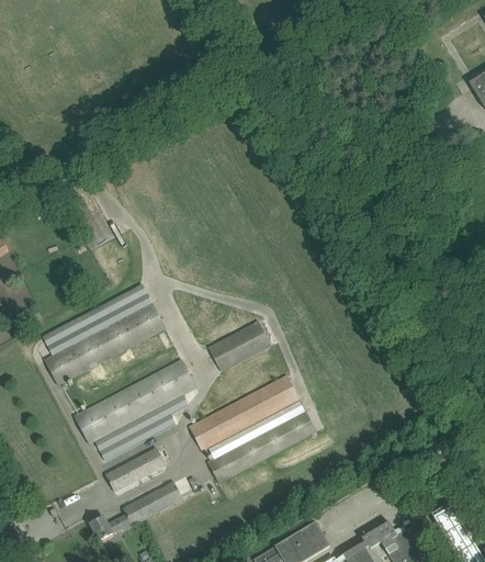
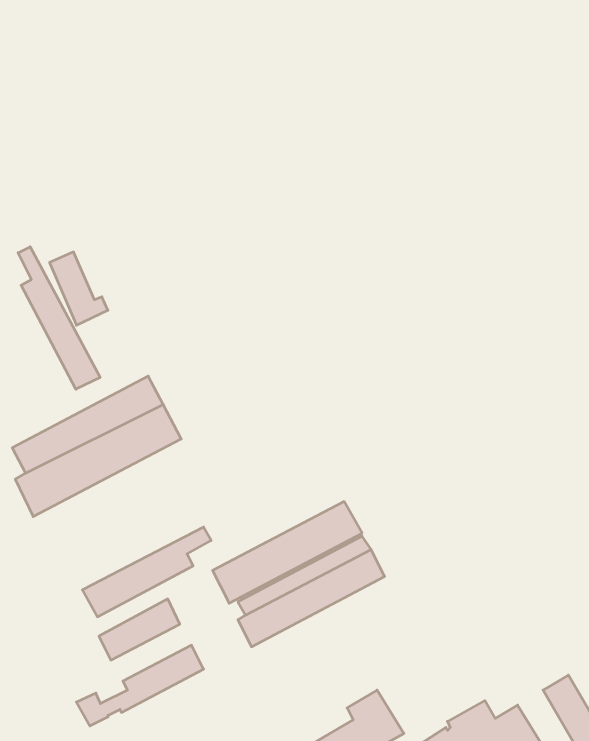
building: none -> [18,247,100,389]
building: [206,318,272,374] -> none
building: [74,359,195,443] -> none

